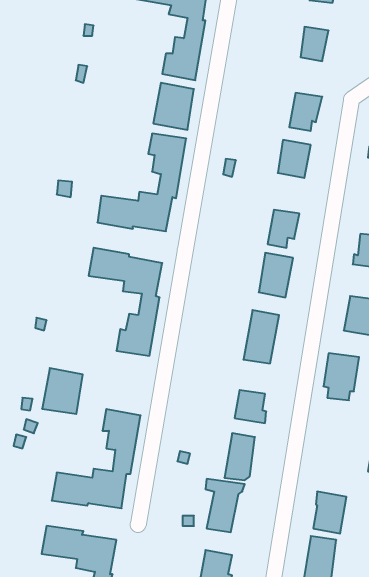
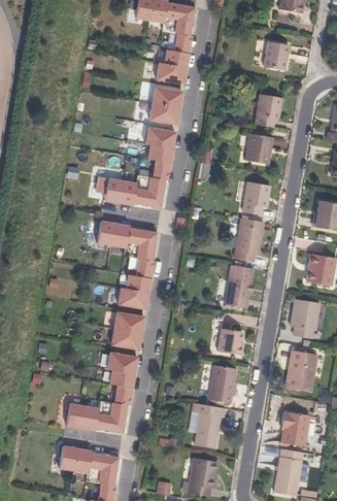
building: [42,368,83,414] -> [113,306,146,343]
building: none -> [285,353,315,393]

